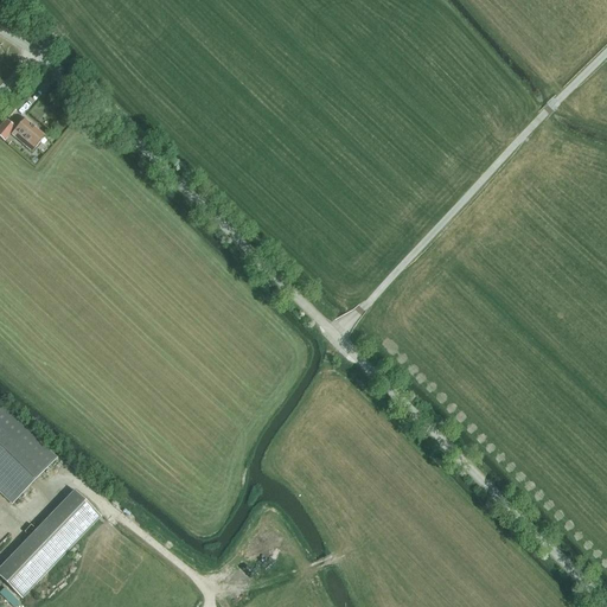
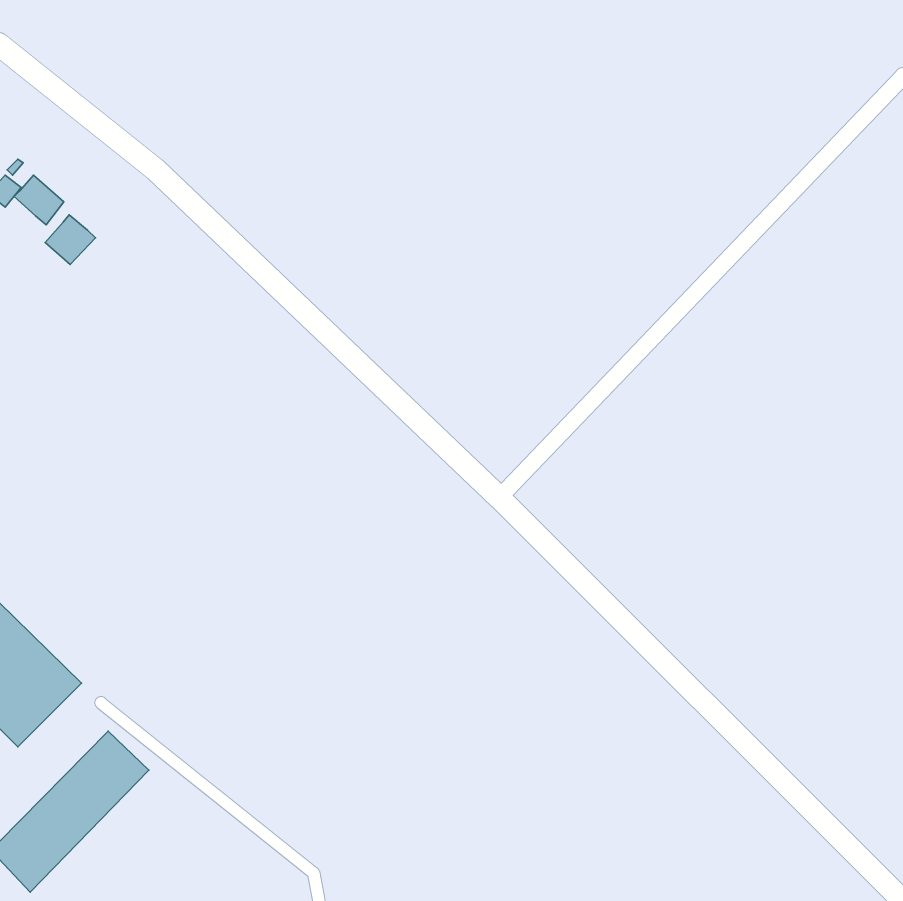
building: none -> [45,215,96,264]

